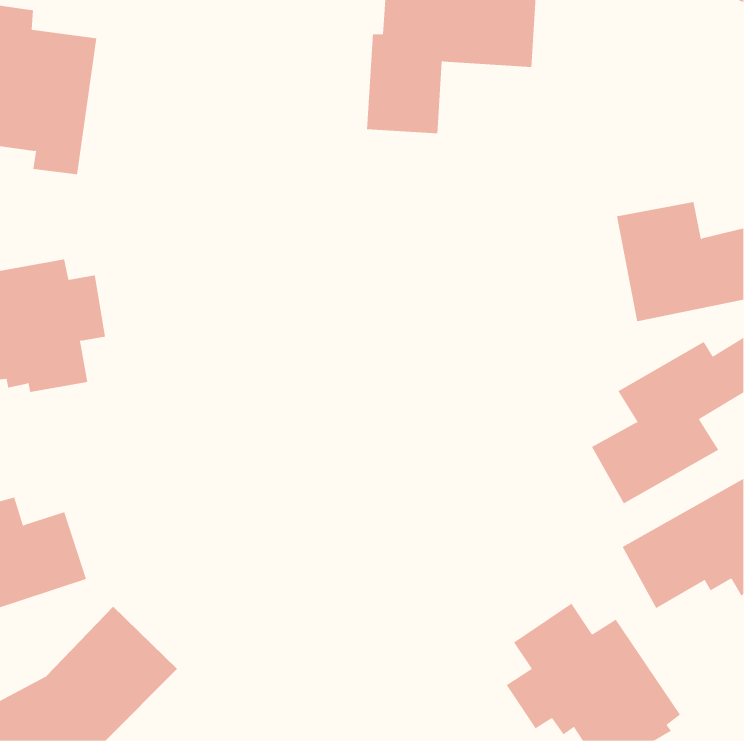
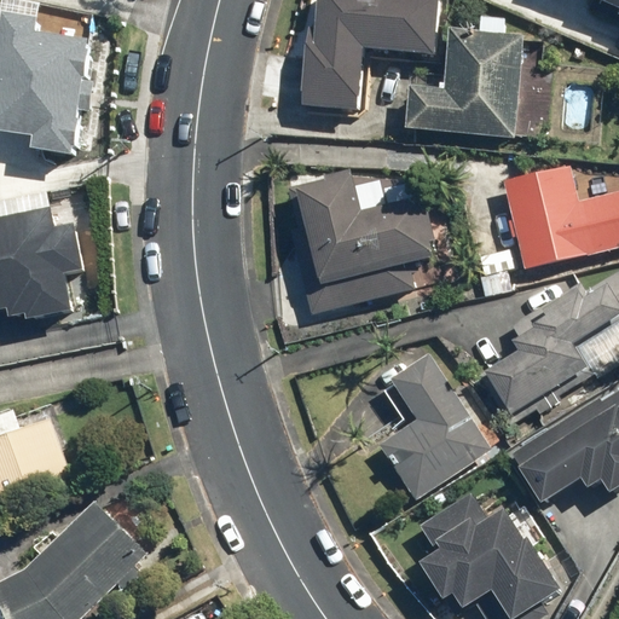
building: none -> [405,28,520,137]
building: none -> [284,173,435,310]
building: none -> [381,357,493,501]

